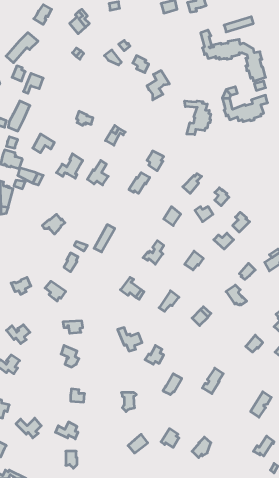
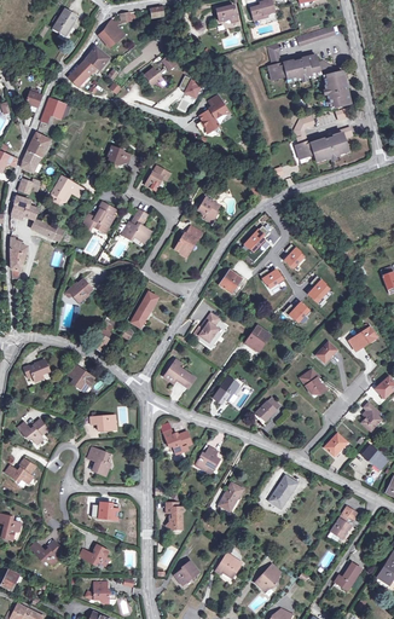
building: [6,33,38,63] -> [69,47,110,86]
building: [185,101,211,135] -> none

